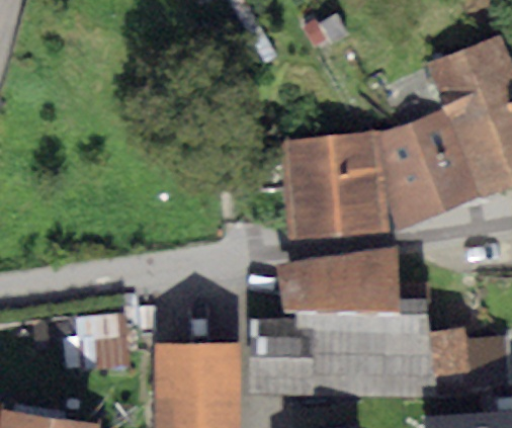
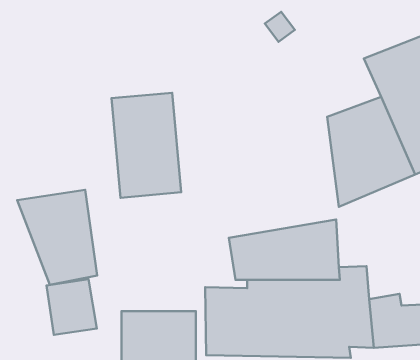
building: none -> [111,93,181,198]
building: [279,131,389,239] -> none
building: none -> [17,190,97,285]

